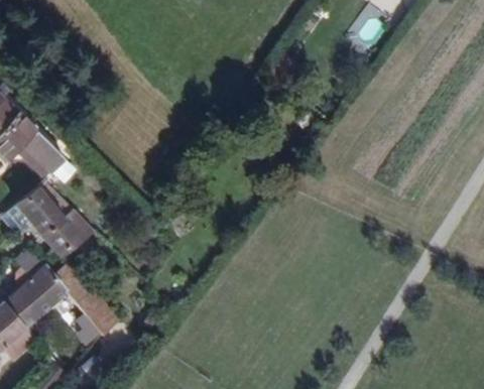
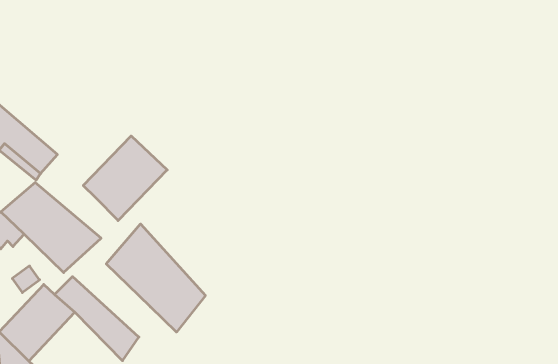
building: none -> [83,136,167,221]
building: none -> [106,224,205,332]

